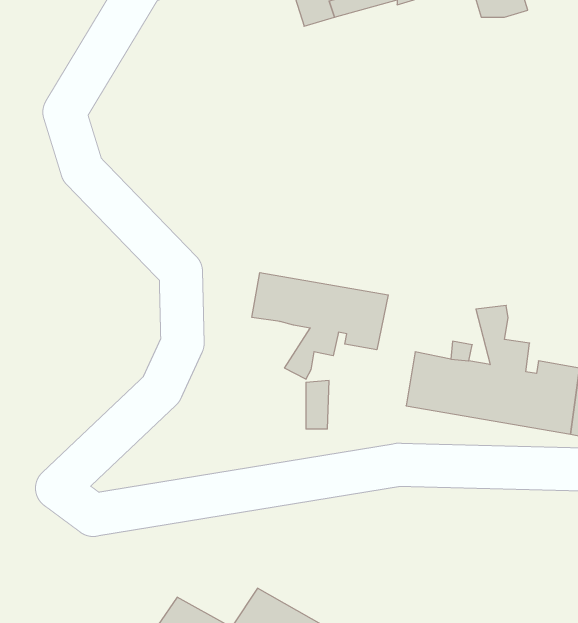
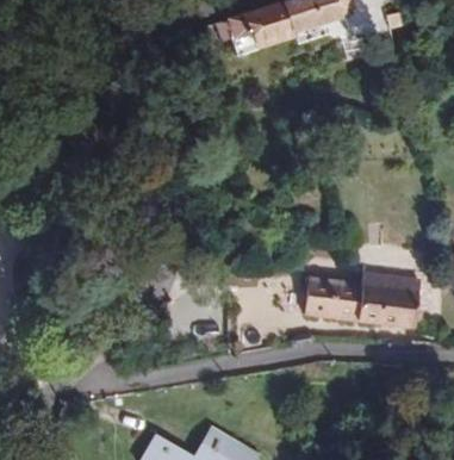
building: [252,273,388,379] -> none

